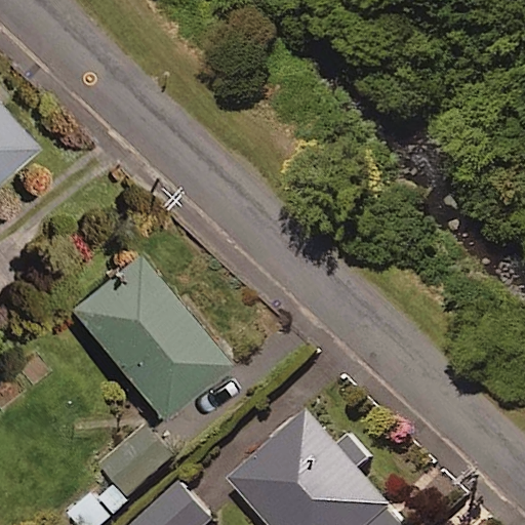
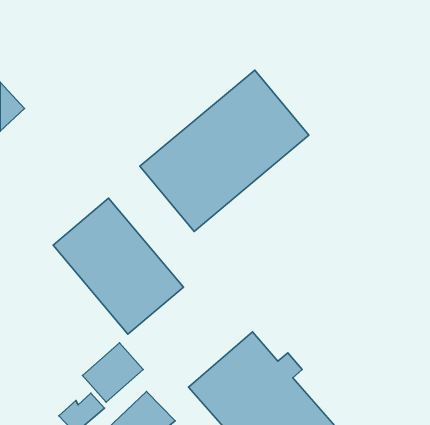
building: none -> [140,70,309,231]

